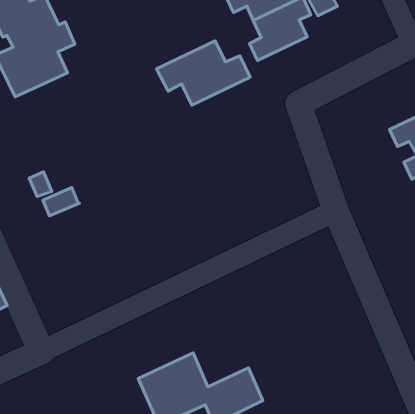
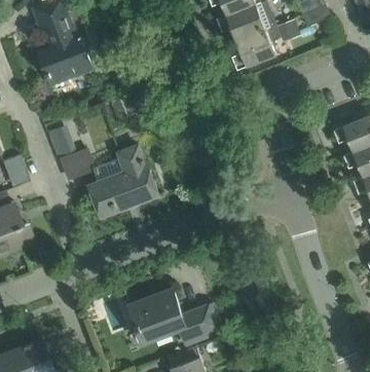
building: [157,41,250,105] -> none
building: none -> [89,147,159,218]

